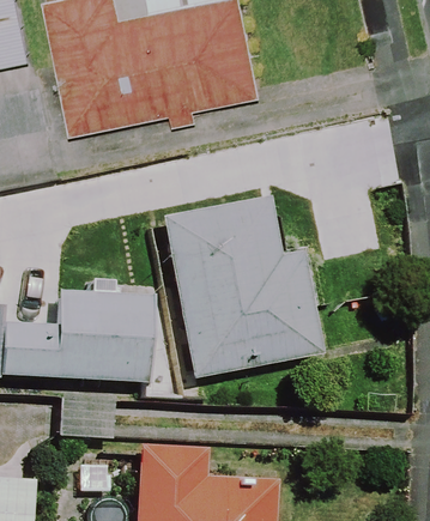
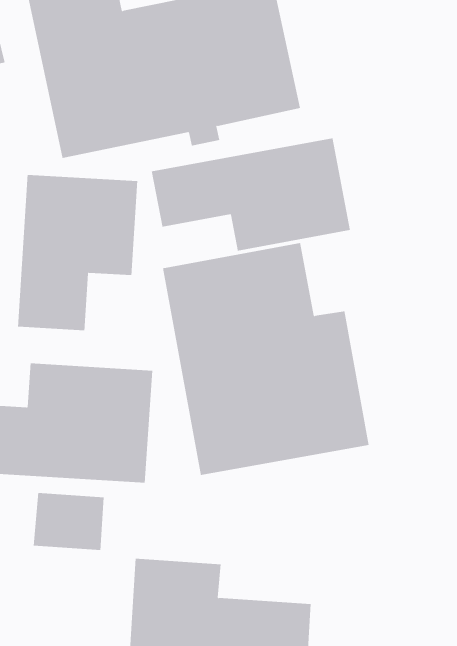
building: none -> [151,138,351,251]
building: none -> [18,174,138,331]

